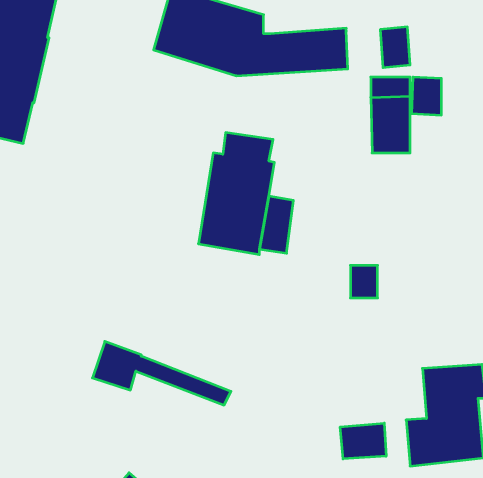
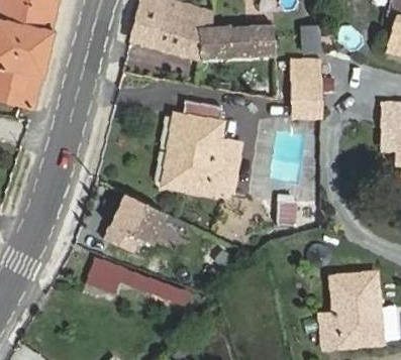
building: none -> [104,194,166,251]
building: [340,423,386,459] -> none

